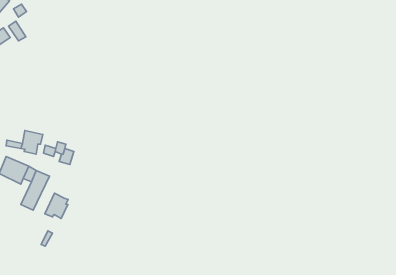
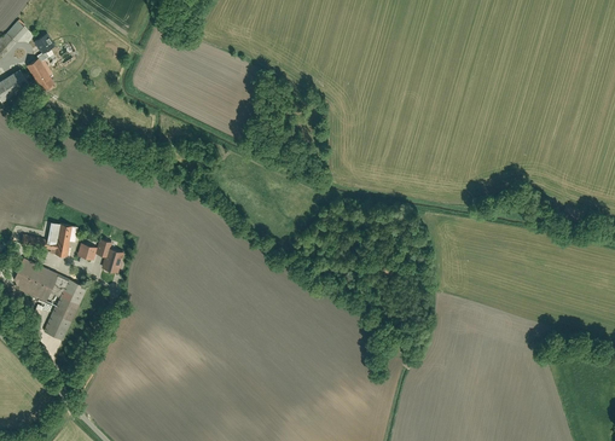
building: [45,193,68,219] -> none

